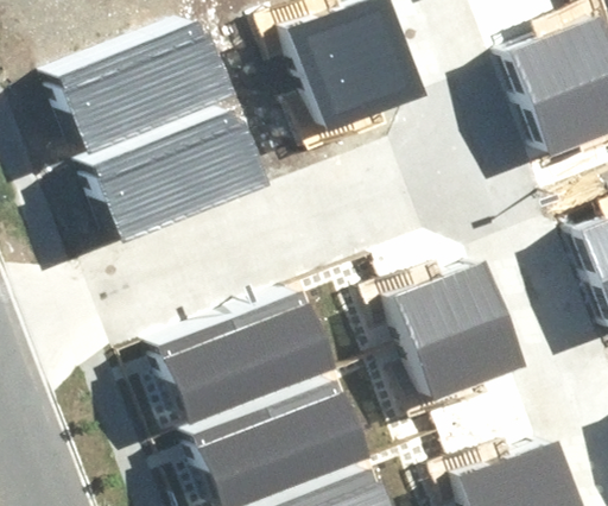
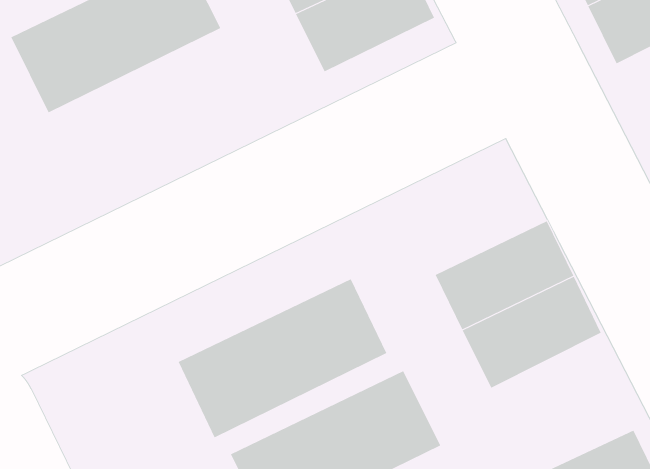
building: [90,110,262,230] -> none

